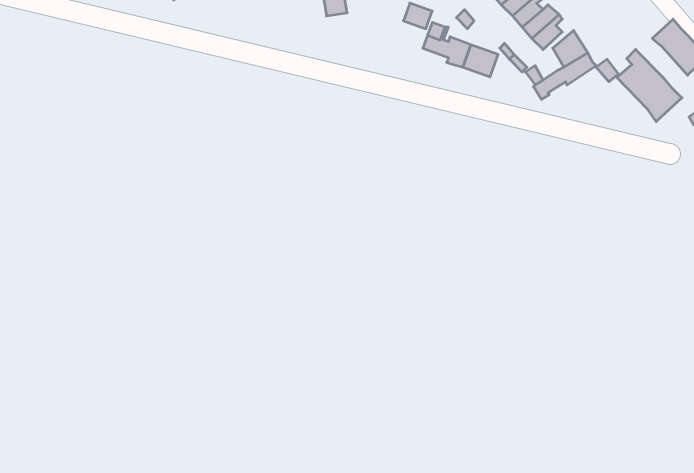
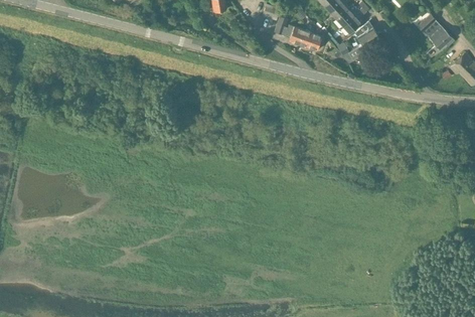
building: [617,49,682,122] -> none

